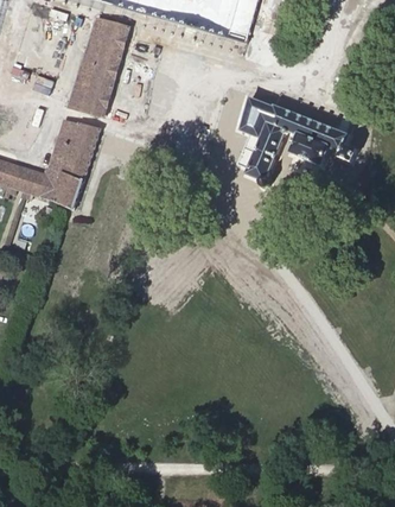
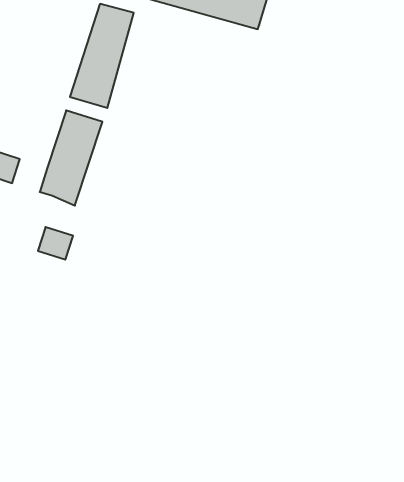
building: [237,97,356,188] -> none
building: [13,165,46,196] -> [38,227,73,260]

